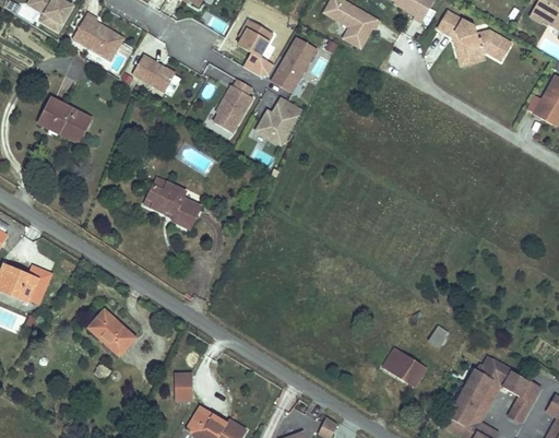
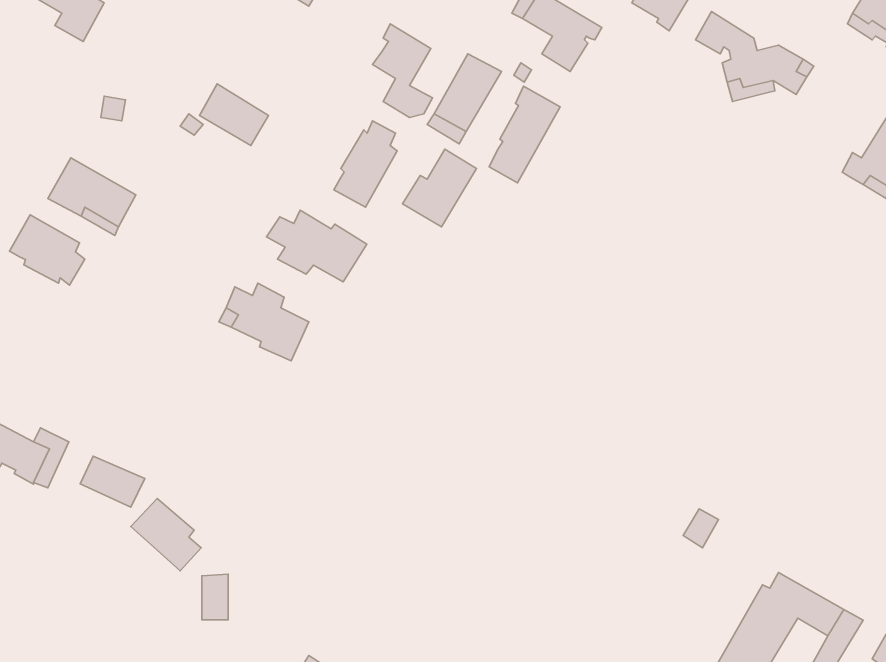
building: [73,11,124,59] -> none
building: none -> [489,86,560,183]
building: none -> [267,210,367,282]
building: none -> [9,215,85,285]
building: none -> [80,456,145,507]
building: [382,347,427,382] -> none
building: [173,376,189,404] -> [202,574,228,620]

